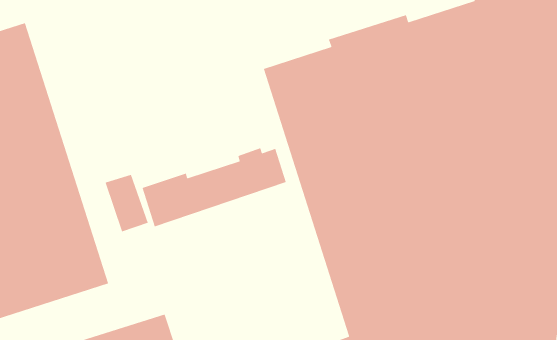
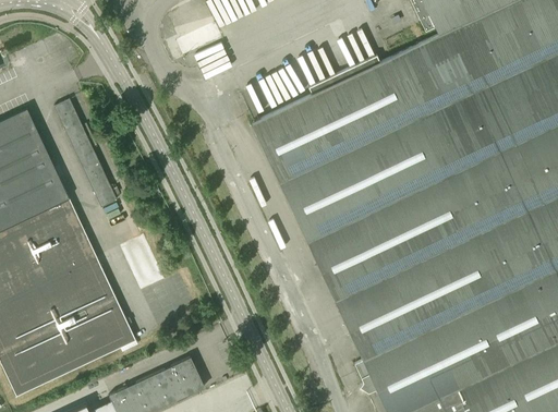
building: none -> [53,99,117,207]
building: [141,147,287,227] -> none

